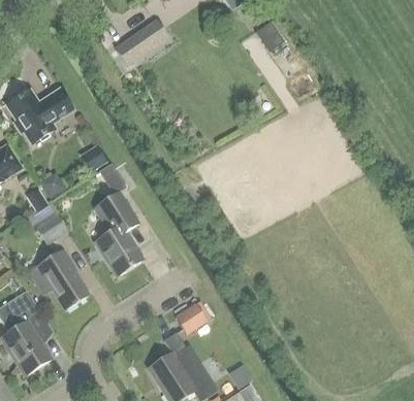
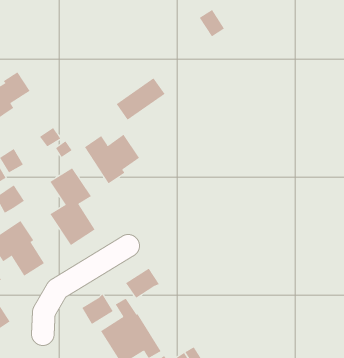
building: [115,19,168,65] -> [116,77,165,121]
building: none -> [84,134,140,184]
building: none -> [82,293,113,325]

